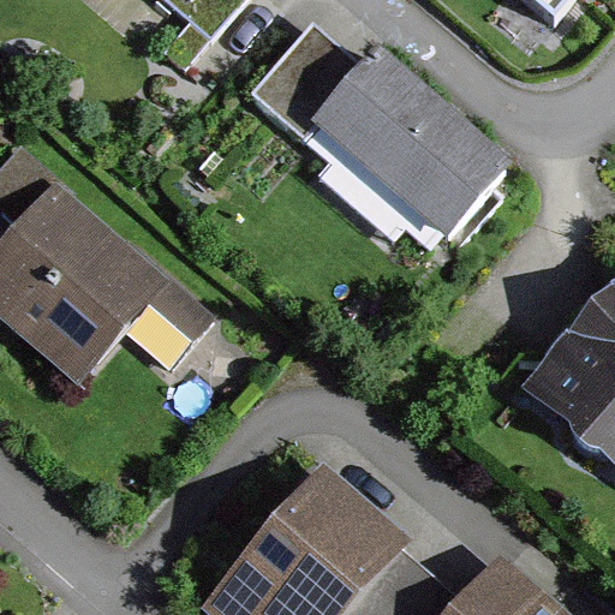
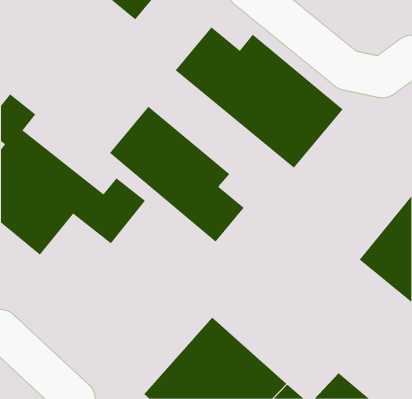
building: none -> [109,106,244,242]

